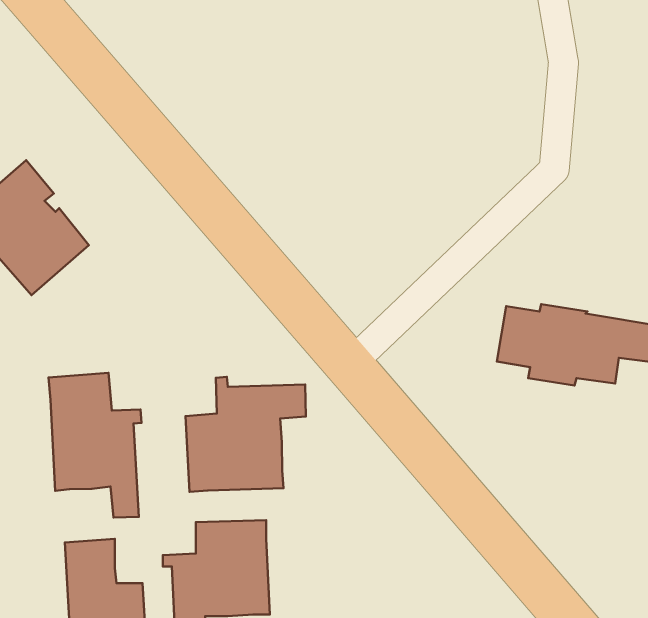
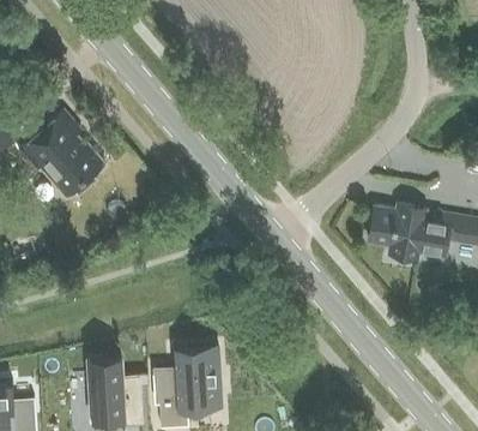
building: [48,373,142,517] -> none
building: [186,377,306,492] -> none

